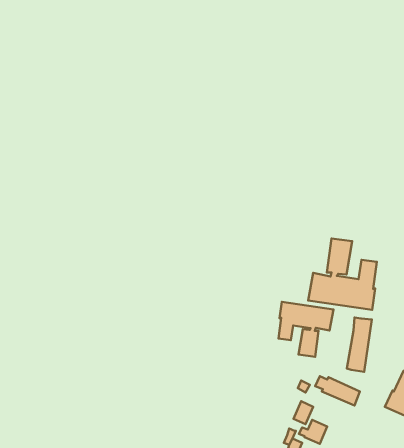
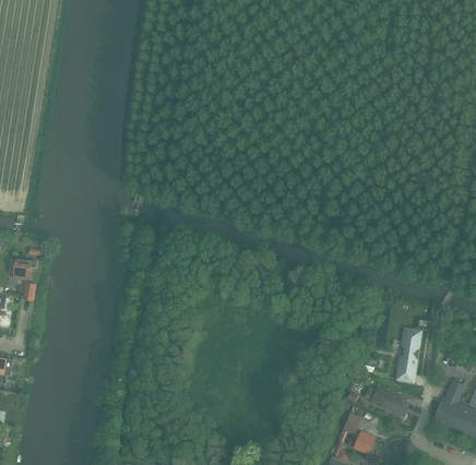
building: [308,239,377,310] -> none
building: [278,302,334,357] -> none

